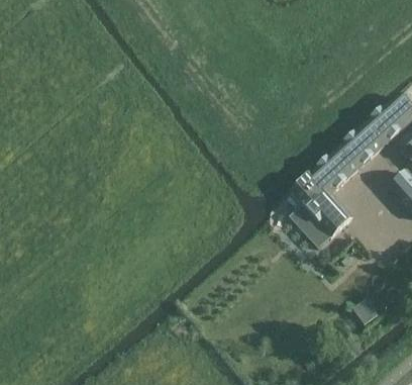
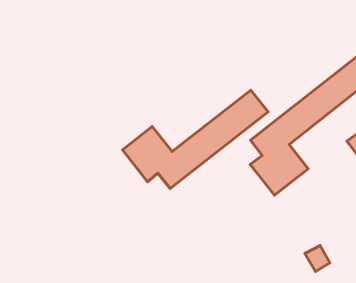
building: none -> [123,90,268,189]

